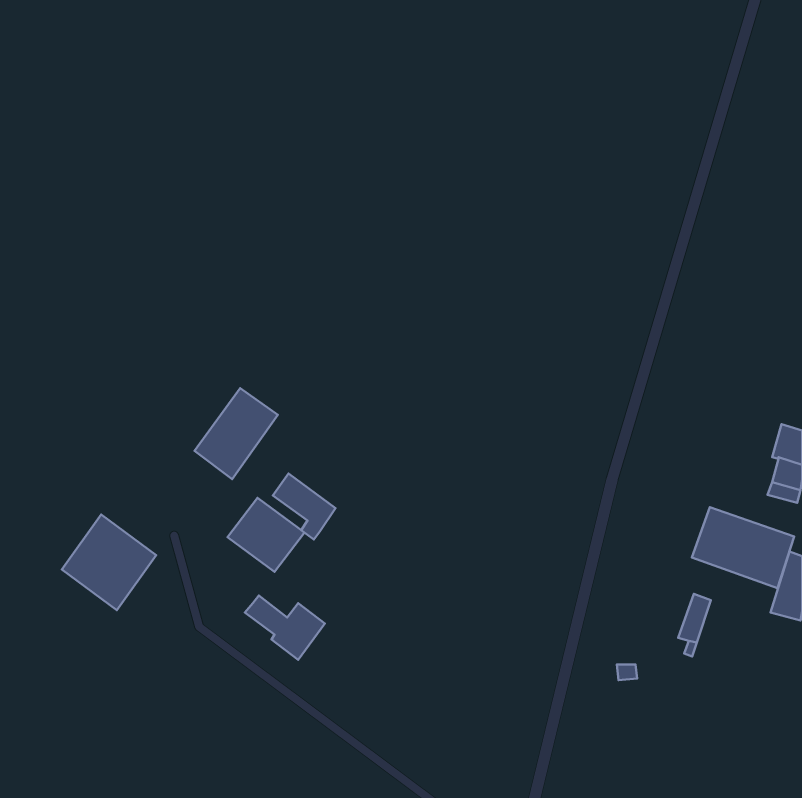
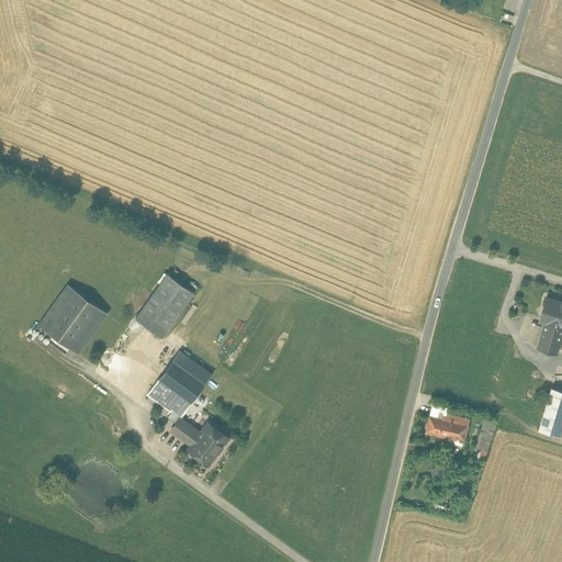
building: [273,473,336,539] -> [148,379,192,425]
building: [692,507,794,588] -> none
building: [62,514,156,610] -> [41,286,106,353]
building: none -> [426,415,469,441]

